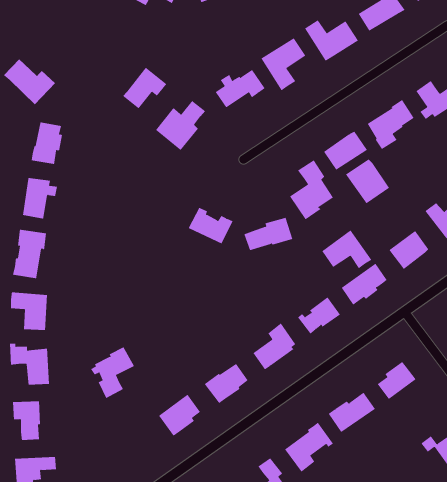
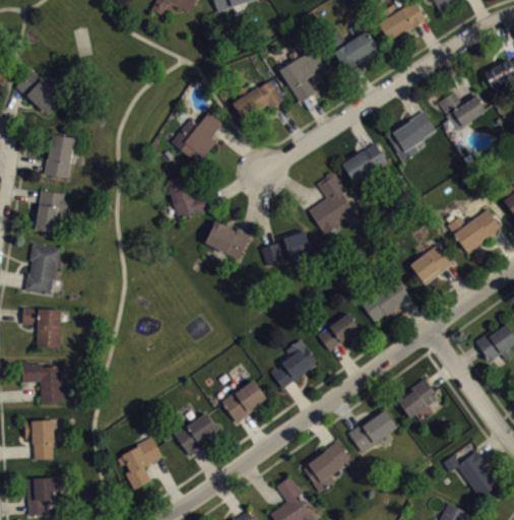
building: [122,67,167,109] -> none
building: [345,158,390,204] -> none
building: none -> [168,175,208,218]
building: [321,230,372,269] -> none
building: [90,346,135,399] -> [118,437,164,491]

